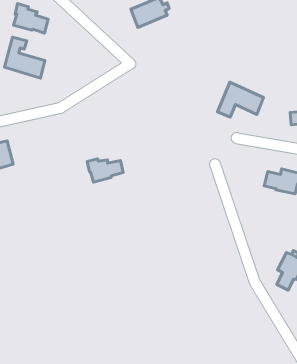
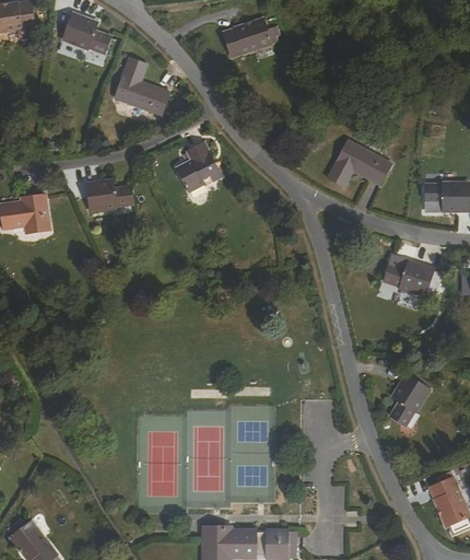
building: [4,37,45,78] -> [115,58,169,116]
building: none -> [181,142,220,187]
building: [87,159,123,182] -> [84,182,131,212]

